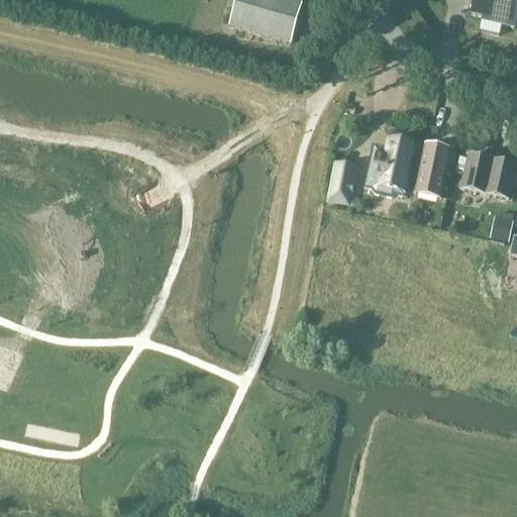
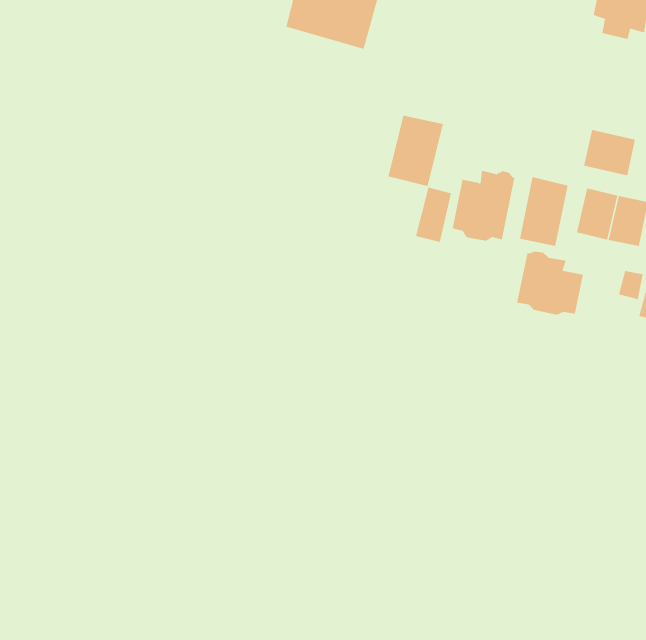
building: none -> [388,115,444,187]
building: none -> [584,129,636,176]
building: none -> [517,251,584,316]

